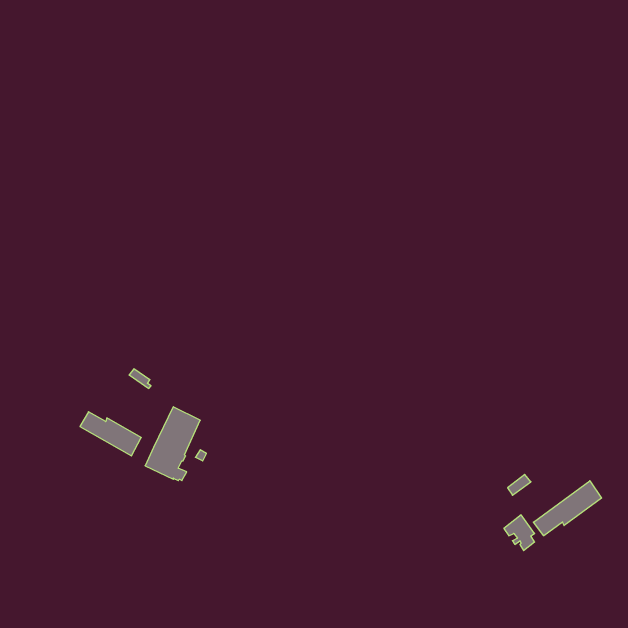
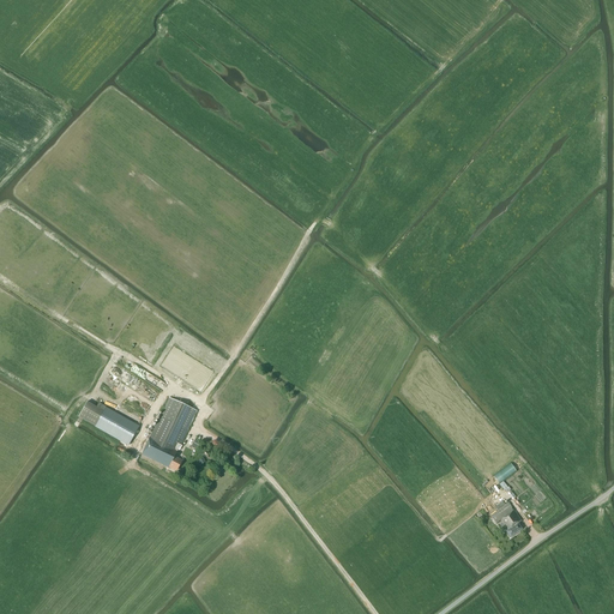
building: [533,481,602,536] -> none

